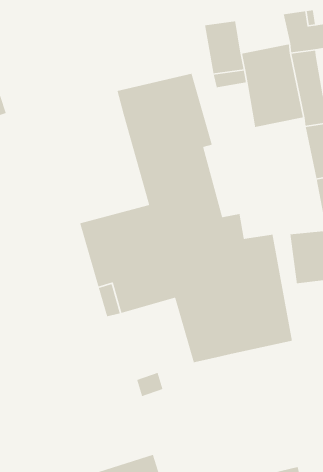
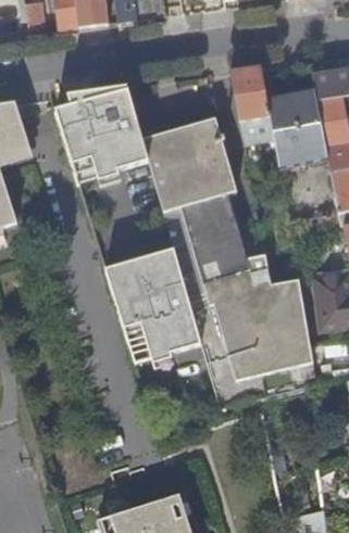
building: none -> [54,85,149,180]

